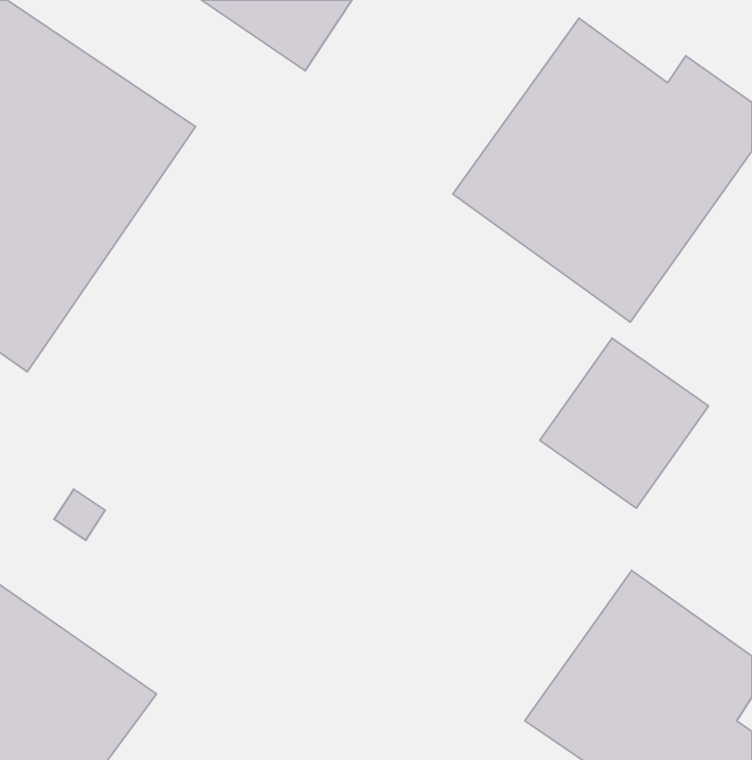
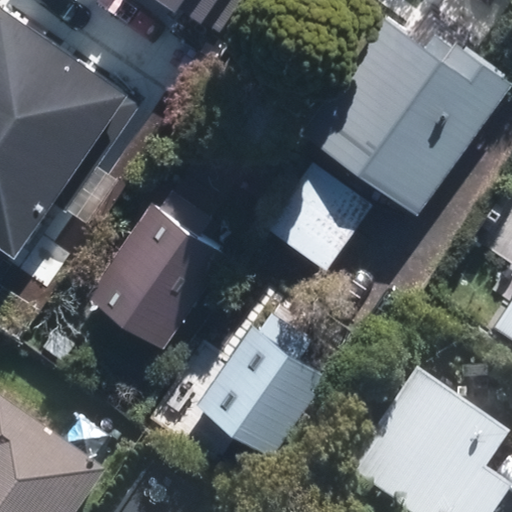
building: none -> [83,192,228,351]
building: [540,338,708,508] -> [261,162,373,275]
building: none -> [193,313,329,460]

